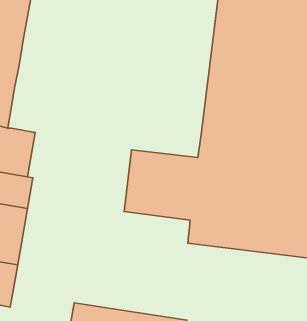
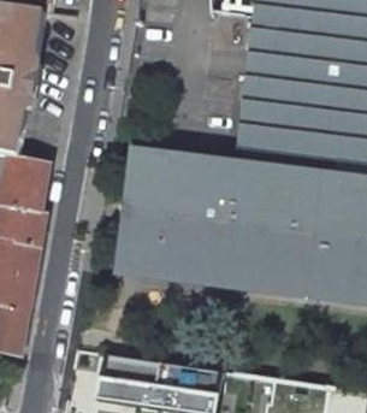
building: none -> [118,153,231,285]

